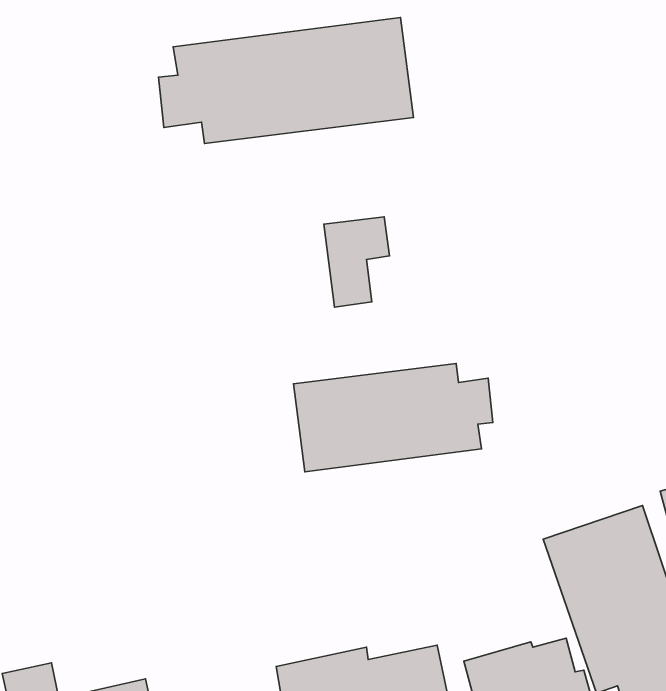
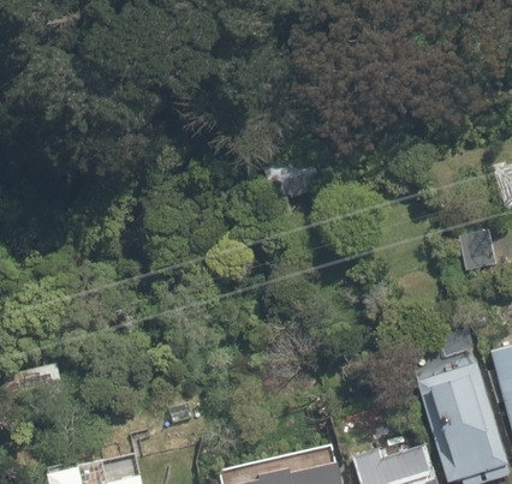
building: [158,18,413,143] -> none
building: [294,364,493,472] -> none

